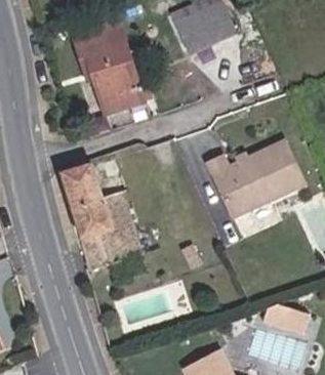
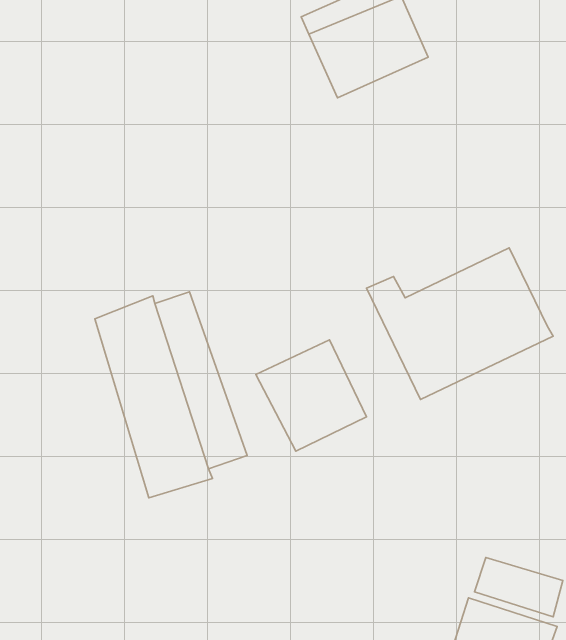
building: [74,17,145,115] -> none
building: none -> [256,340,366,451]

